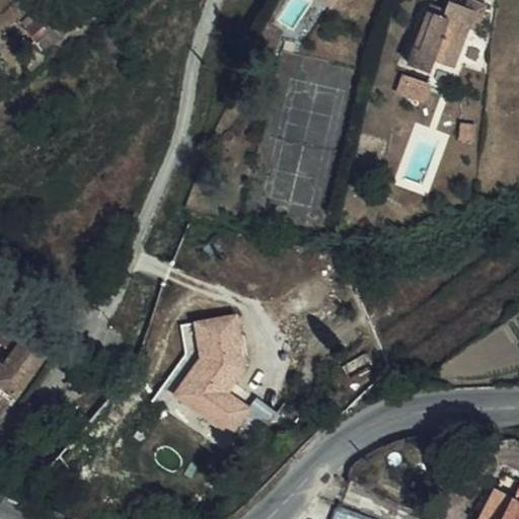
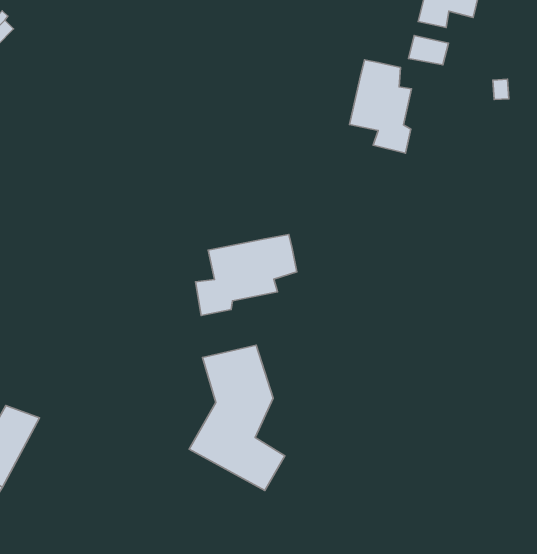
building: none -> [349,60,412,153]
building: none -> [195,235,297,315]

